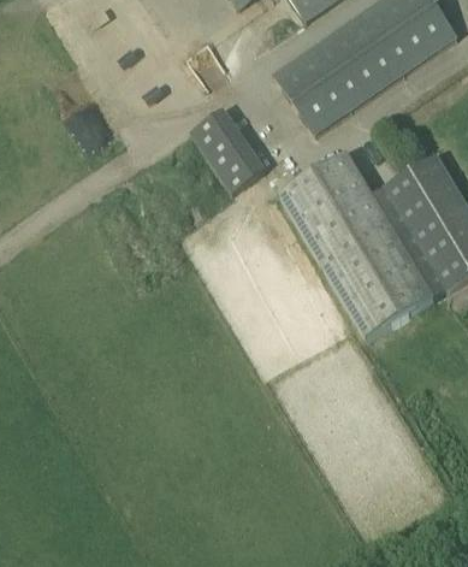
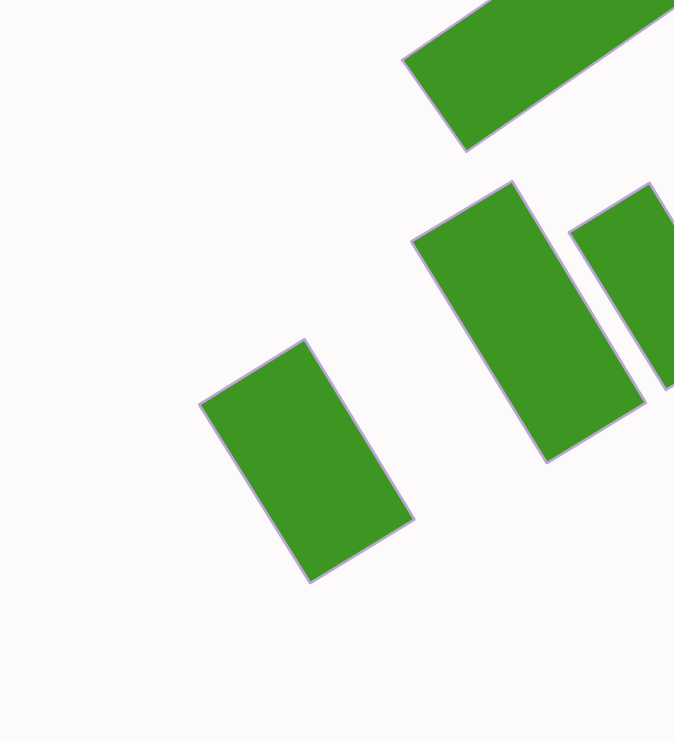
building: [192,106,269,191] -> none
building: none -> [199,339,414,583]

